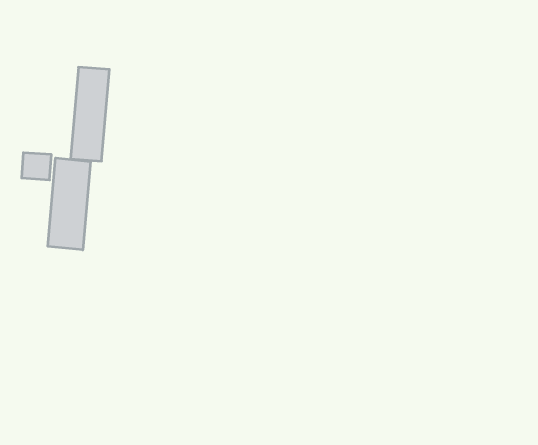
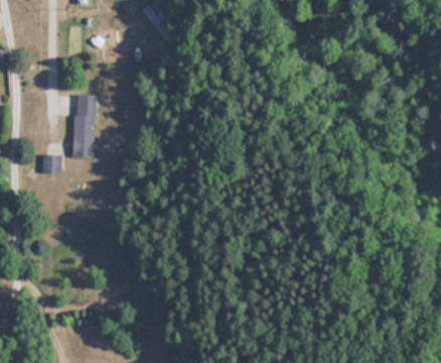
building: [48,158,90,250] -> none

